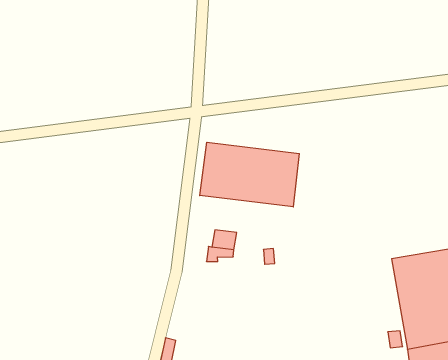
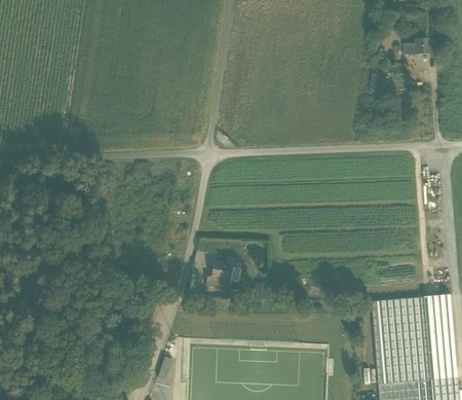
building: [200,142,299,207] -> none

